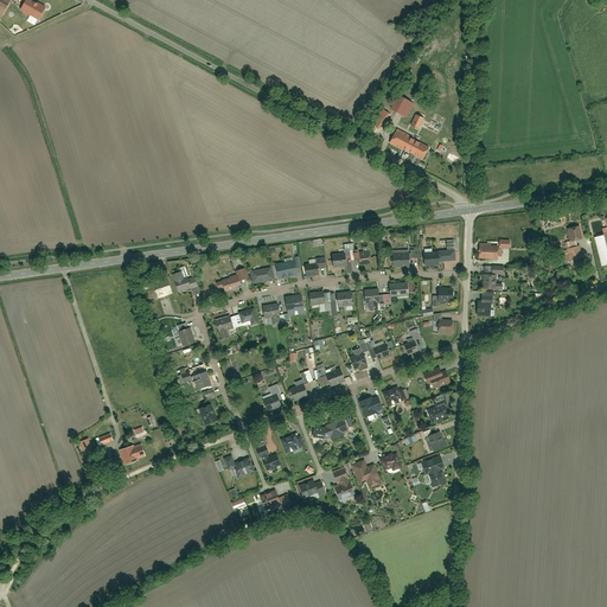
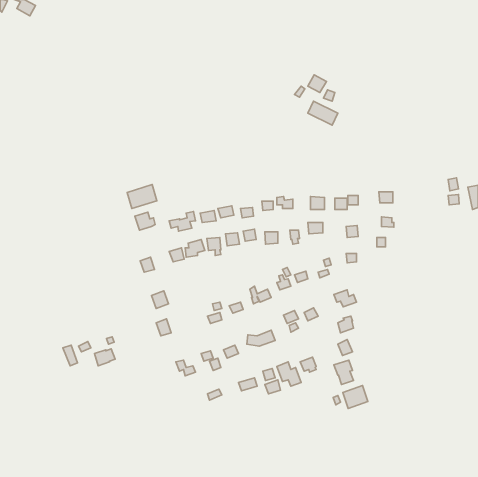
building: none -> [127,185,157,209]
building: none -> [343,385,368,409]

